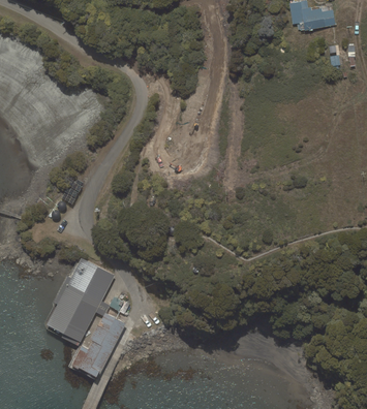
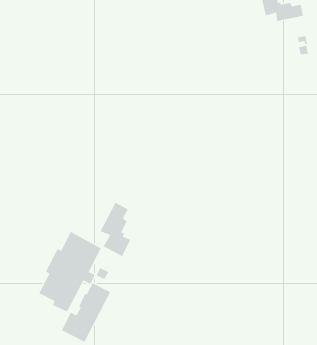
building: none -> [100,202,131,257]

